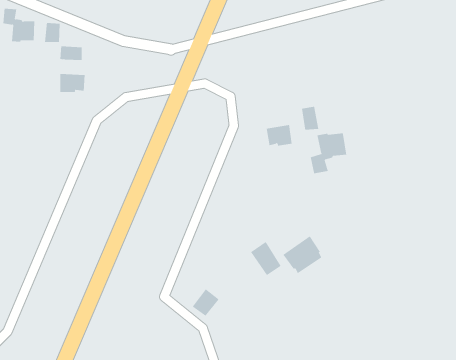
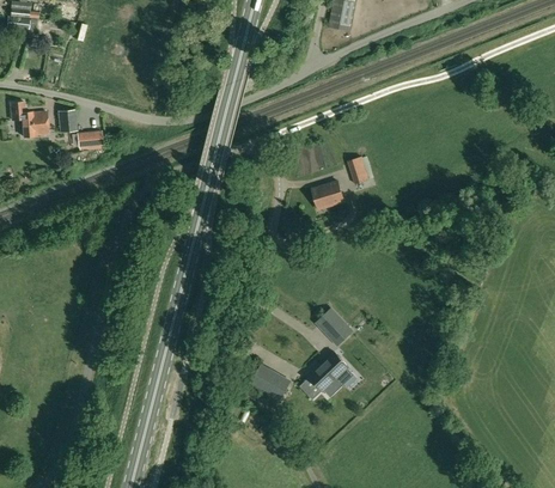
building: [60,73,85,93] -> none
building: [310,132,347,174] -> none
building: [283,236,322,274] -> [307,352,350,395]

